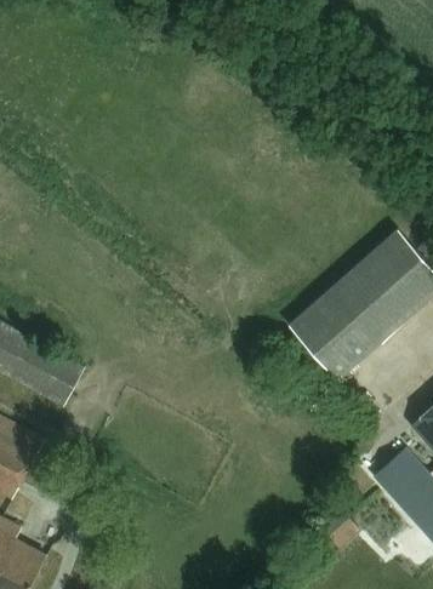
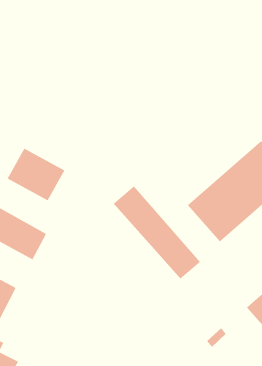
building: none -> [7,148,65,201]
building: none -> [113,185,201,279]

